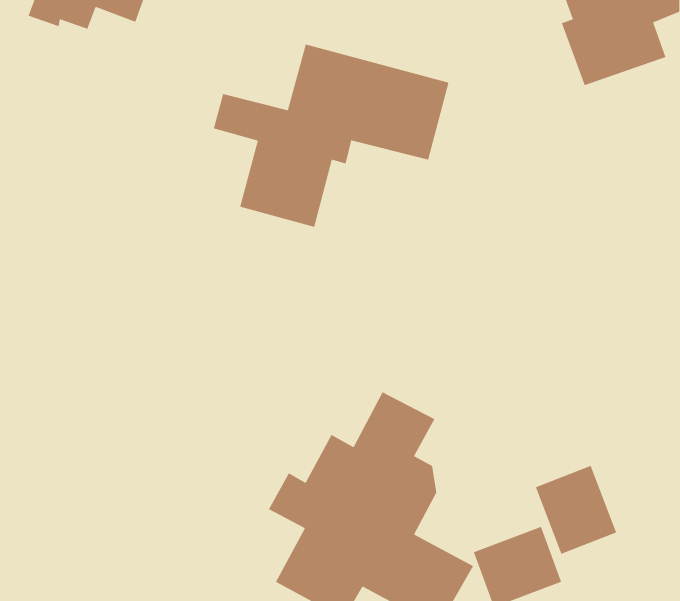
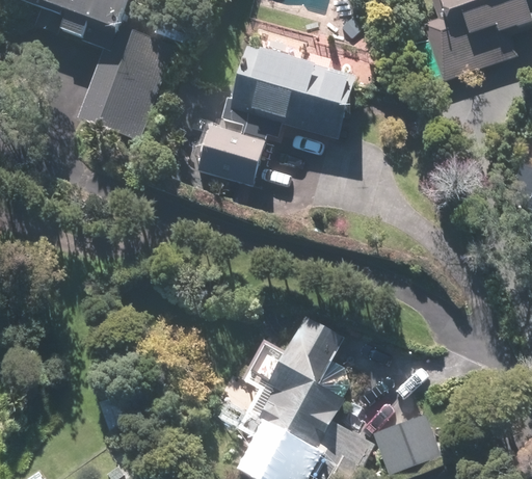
building: none -> [77,31,169,143]
building: [535,465,617,555] -> none

